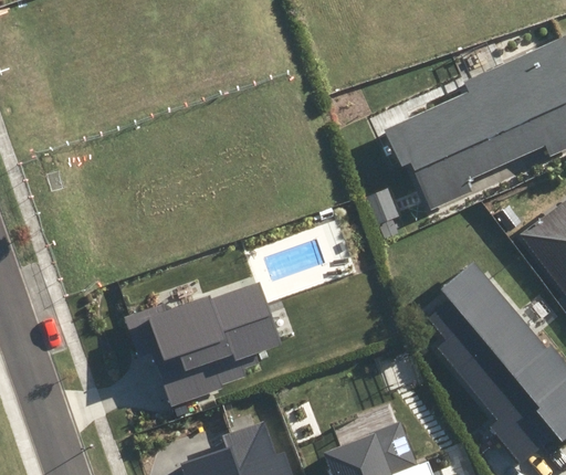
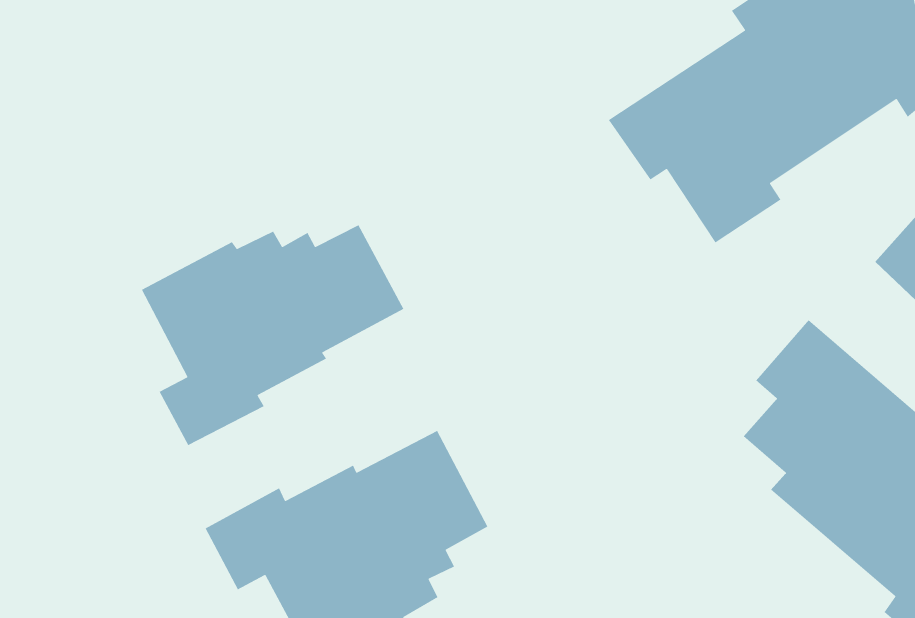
building: none -> [141,224,405,446]

